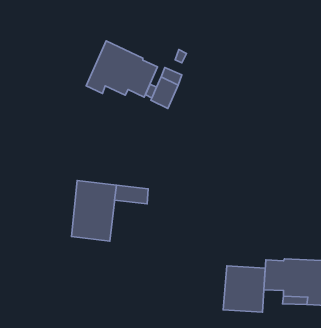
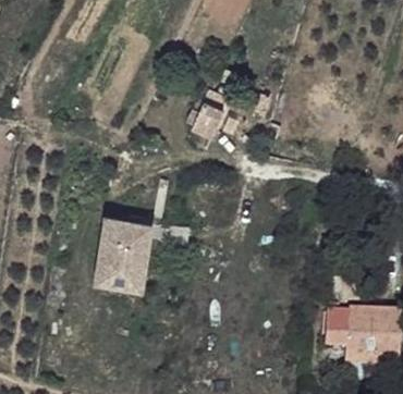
building: [86,41,157,97] -> none
building: [223,266,265,312] -> none

